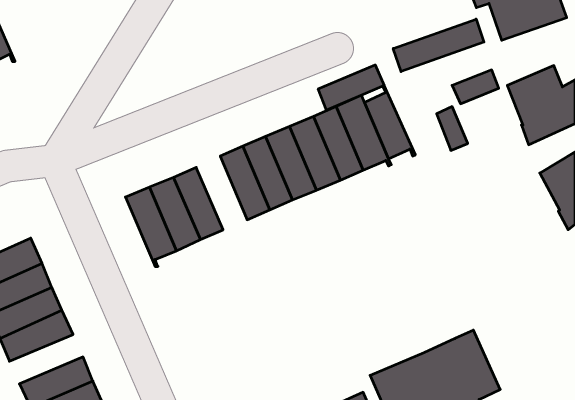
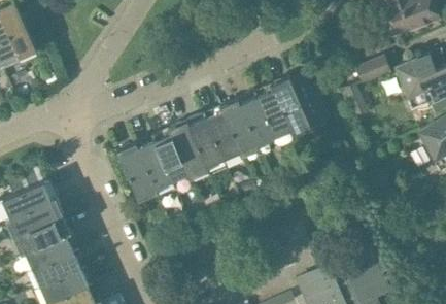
building: [393,19,484,72] -> none
building: [318,65,384,110] -> none
building: none -> [168,123,205,176]
building: none -> [32,252,85,289]

